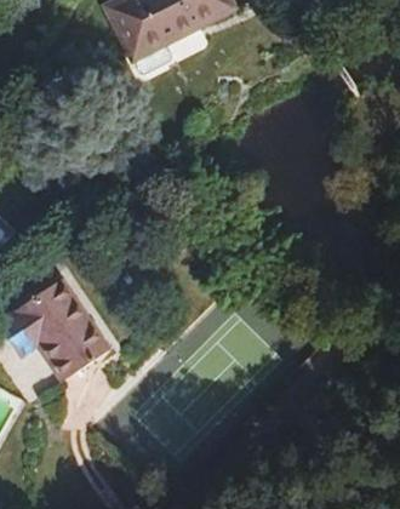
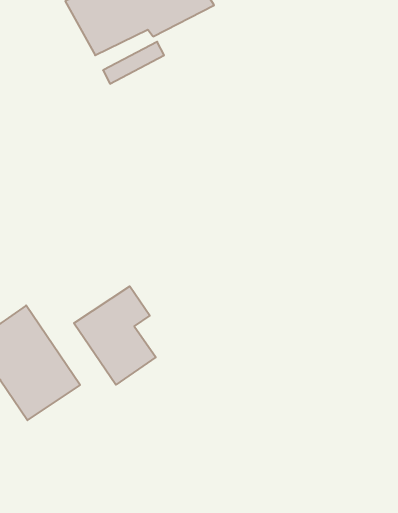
building: none -> [74,286,156,385]

